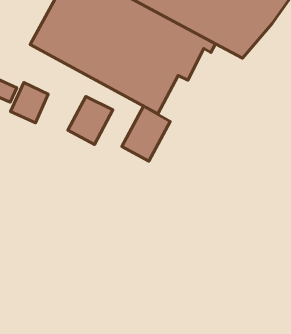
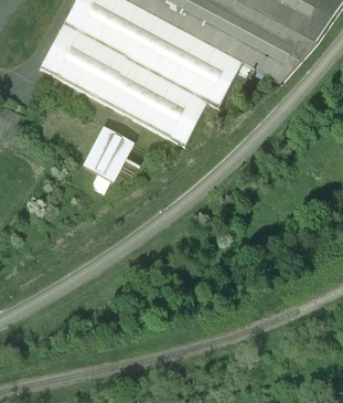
building: [10,82,48,123] -> none
building: [122,106,170,161] -> none

